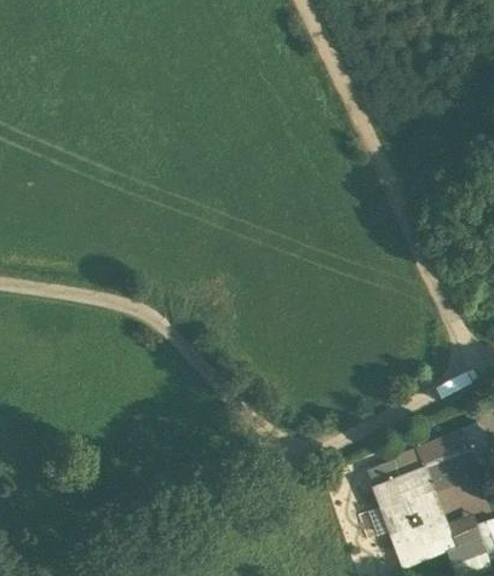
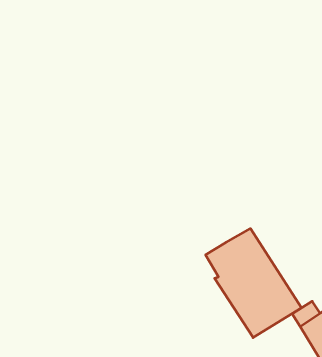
building: none -> [206,229,301,338]

